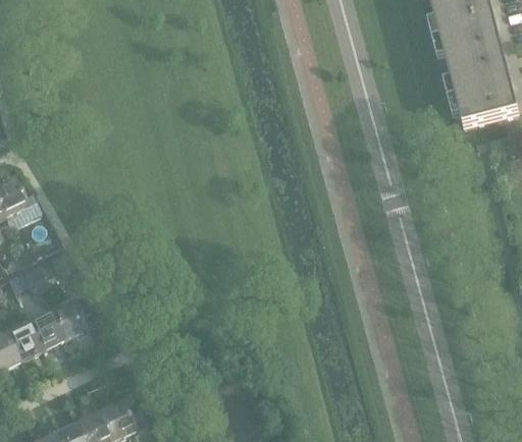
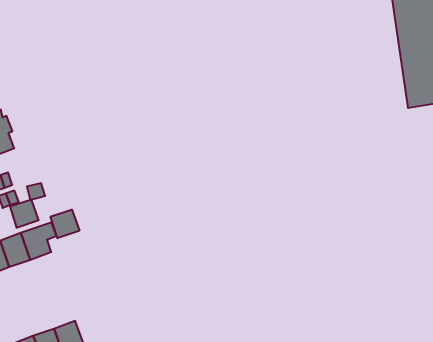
building: none -> [10,199,39,228]
building: none -> [51,210,79,238]

